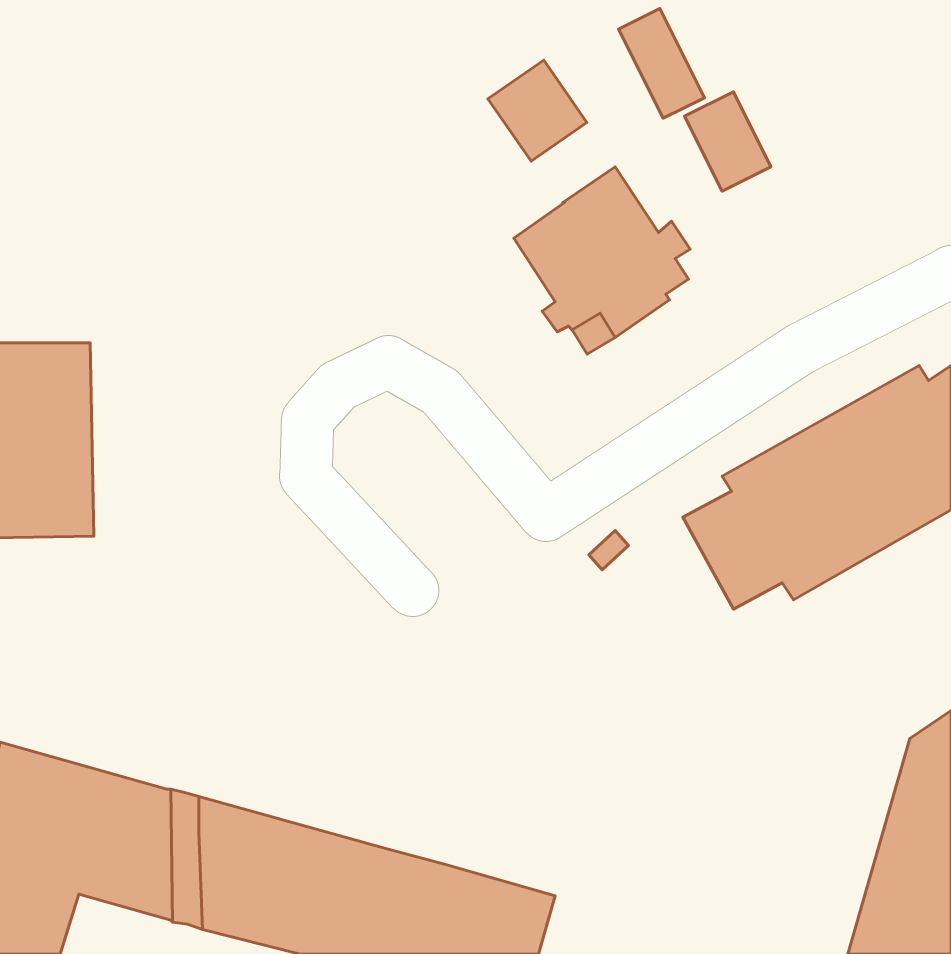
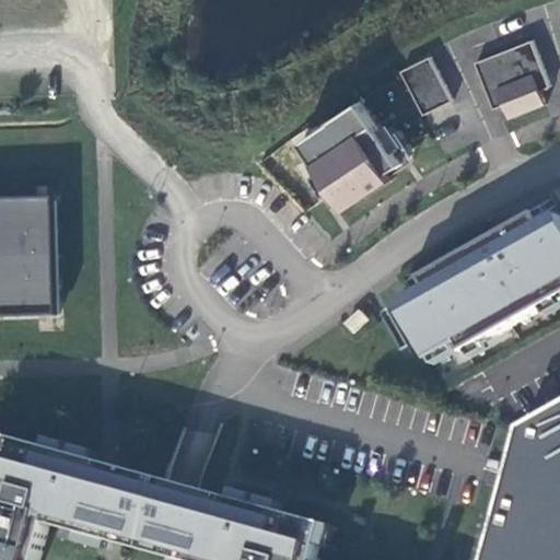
building: [619,8,704,118] -> none
building: [488,60,587,161] -> none
building: none -> [472,37,548,115]

